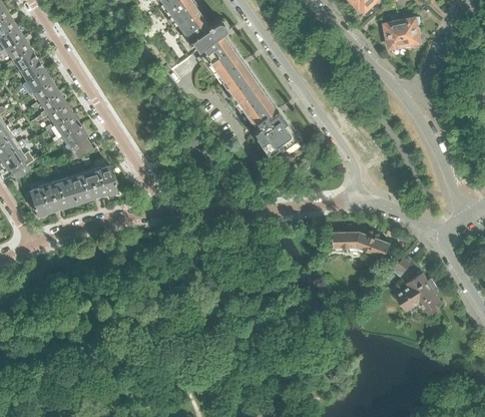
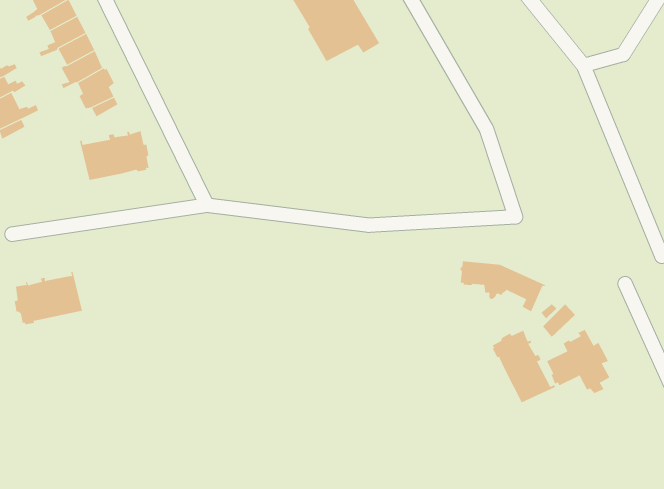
building: [228,90,298,153] -> none
building: [29,175,76,215] -> [14,271,83,325]
building: none -> [491,330,556,403]

